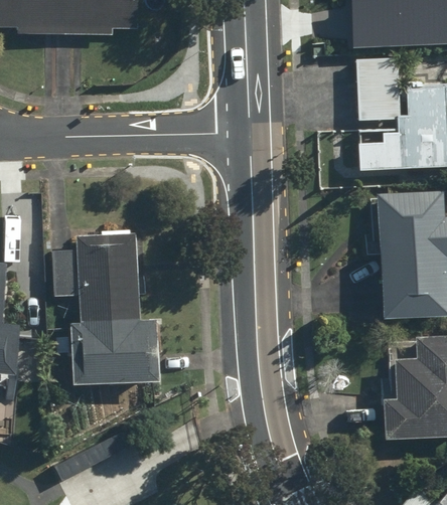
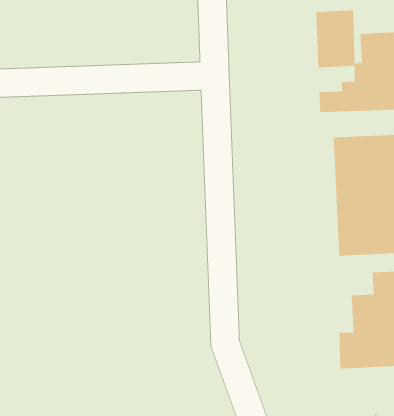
building: [53,237,159,383] -> none

